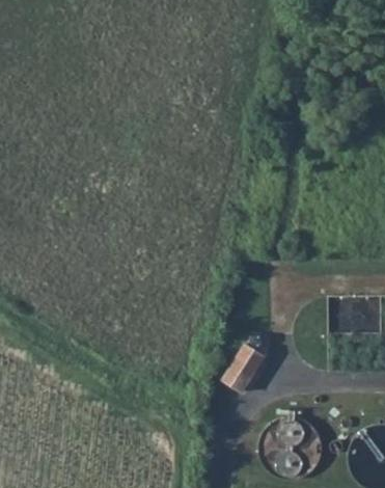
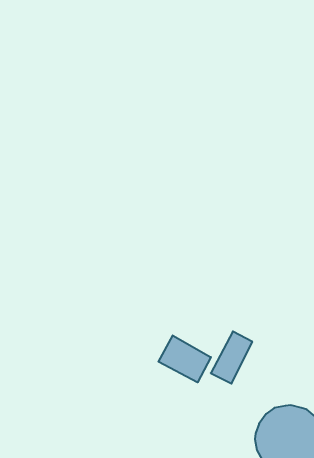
building: none -> [158,335,211,382]

